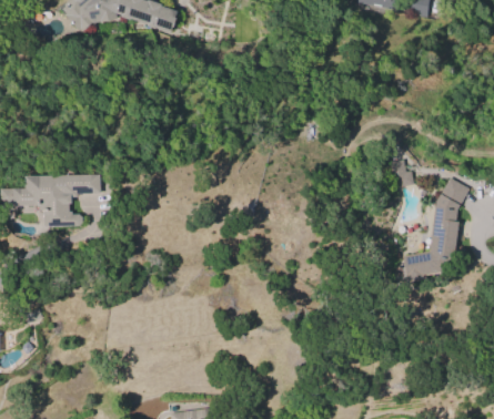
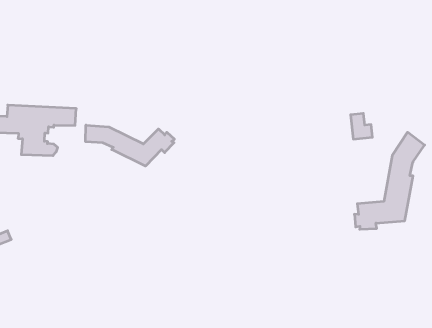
building: none -> [86,125,174,166]

